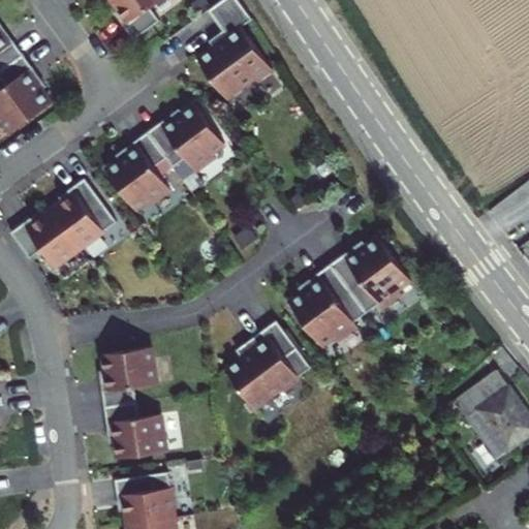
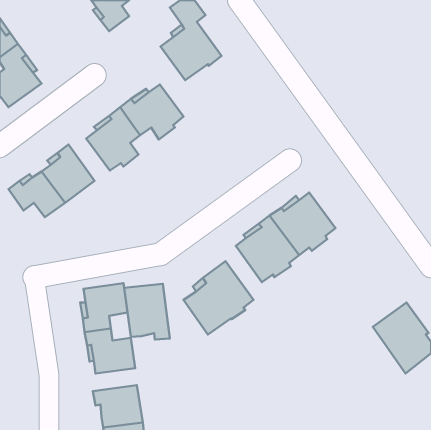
building: none -> [124,284,170,340]

